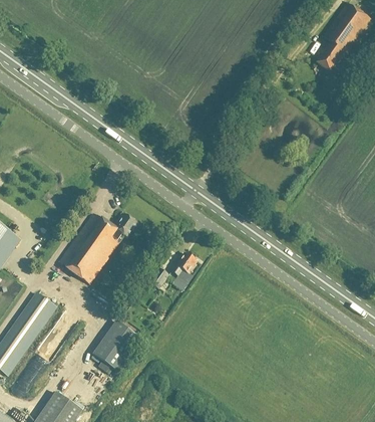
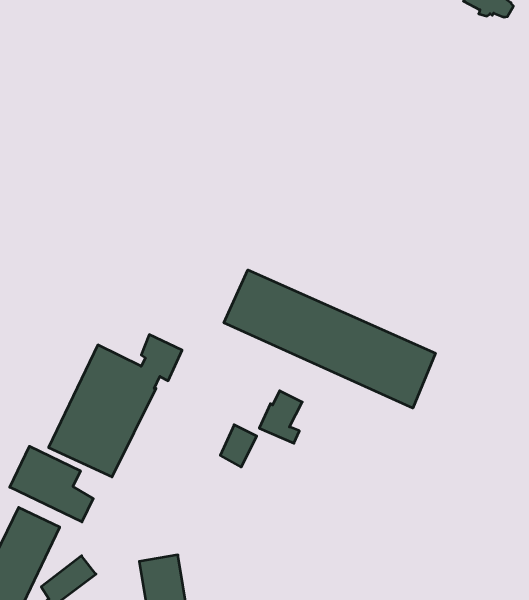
building: none -> [224,270,435,408]
building: none -> [10,446,93,522]

